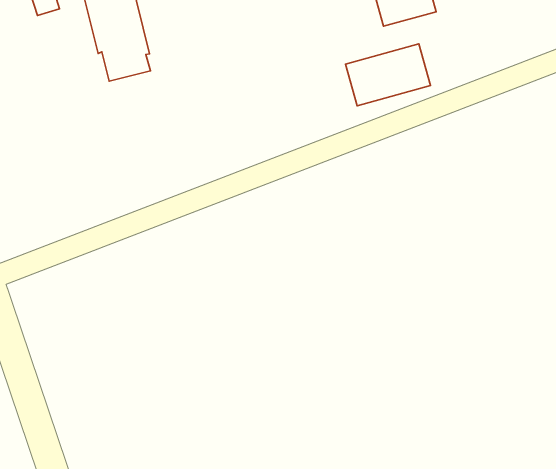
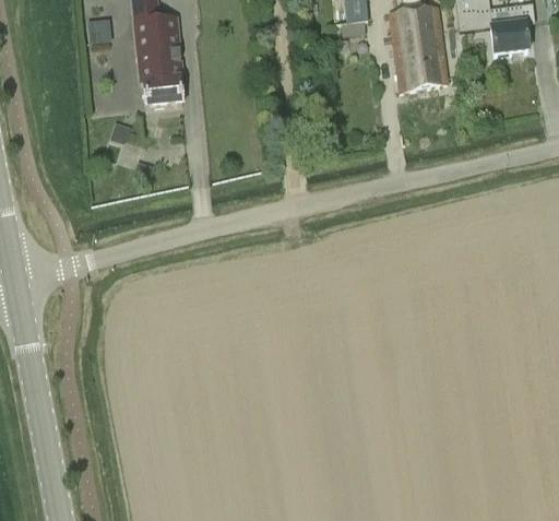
building: [346,44,431,106] -> none

